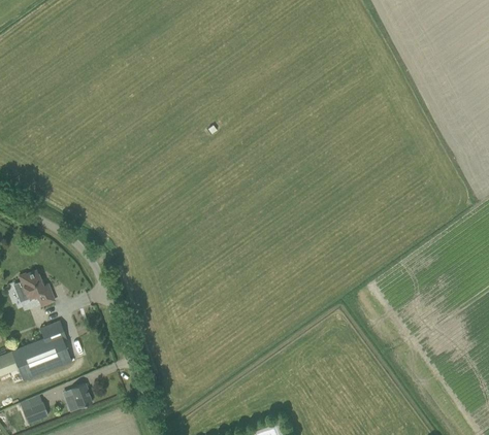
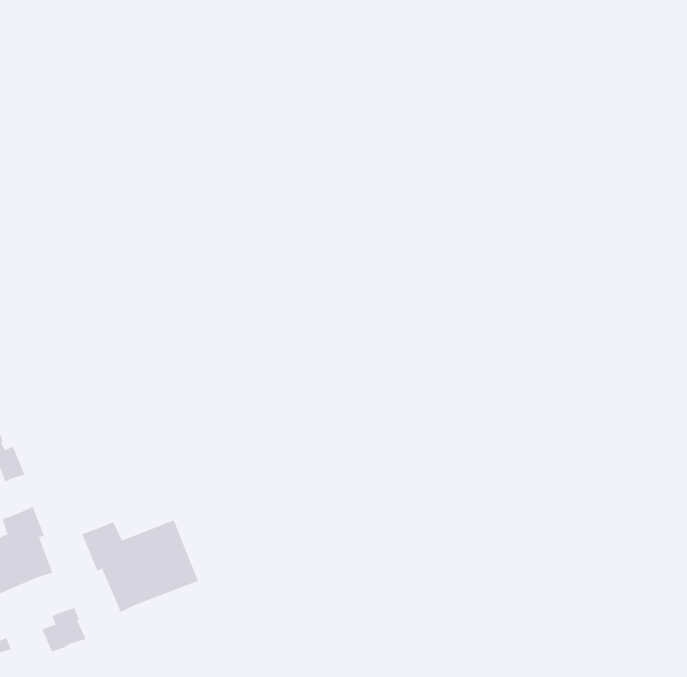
building: none -> [81,520,199,613]

